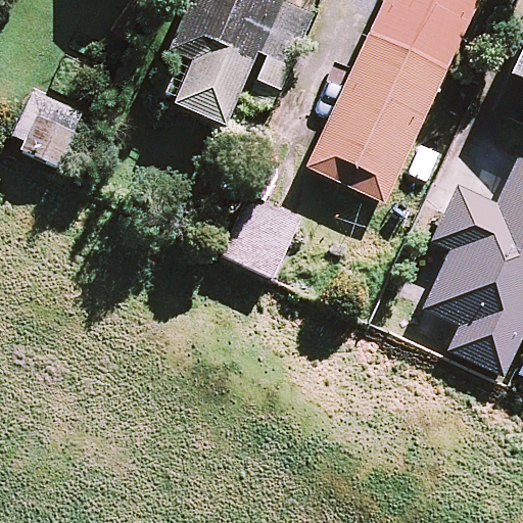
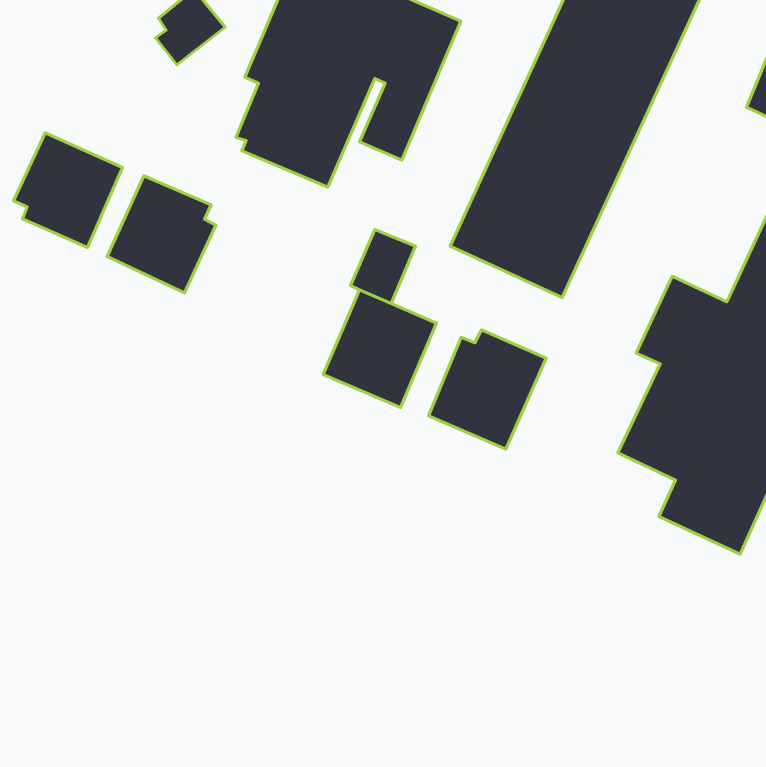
building: none -> [107,176,216,293]
building: none -> [428,330,546,449]

